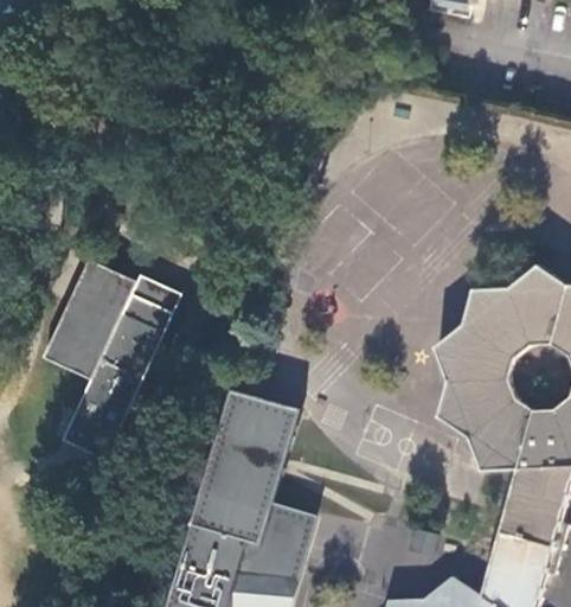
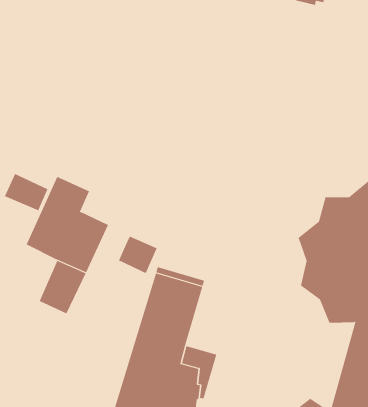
building: none -> [4,173,48,211]
building: [122,275,179,330] -> [118,236,158,274]

